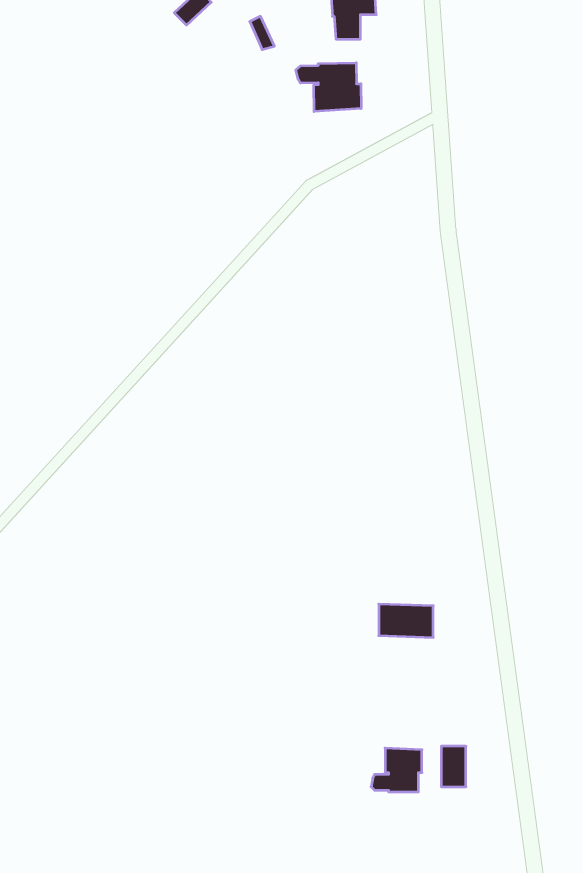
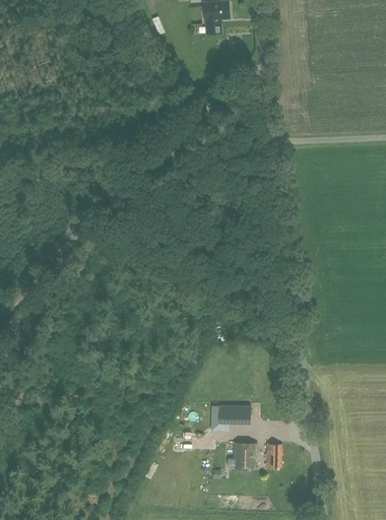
building: [296,63,361,112] -> none
building: [379,604,433,637] -> [218,404,250,424]

